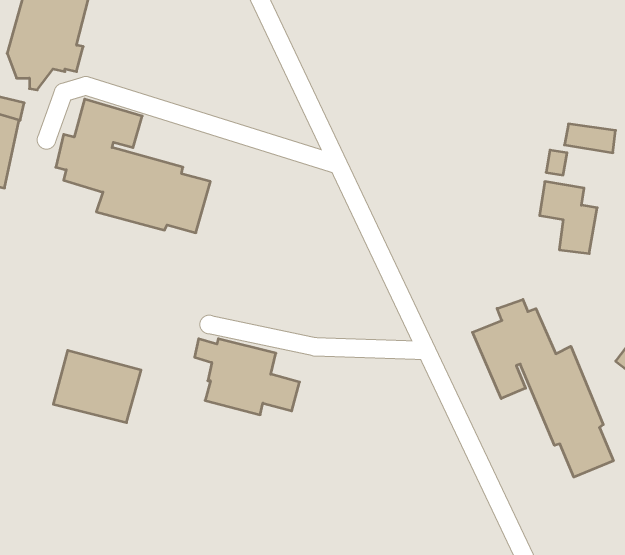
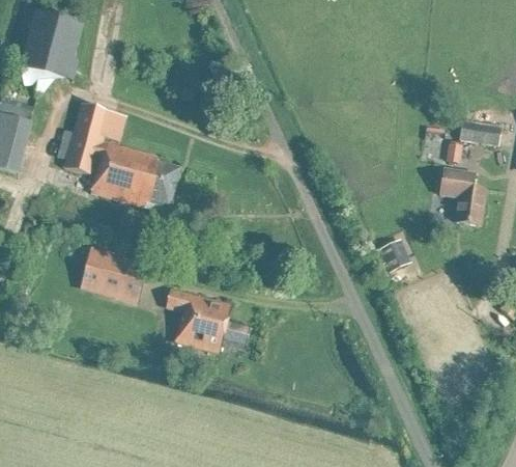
building: none -> [377,238,409,272]
building: [472,299,613,477] -> none
building: [53,350,141,423] -> [79,246,148,303]

